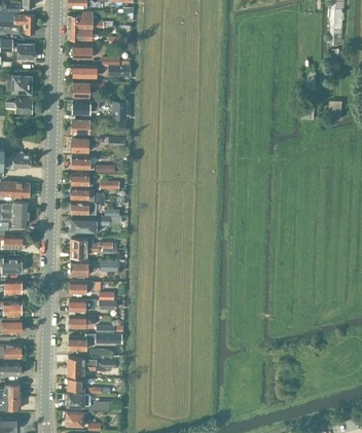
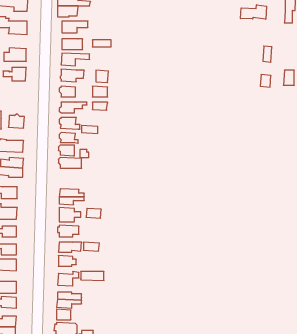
building: none -> [241,5,267,19]
building: [69,216,110,232] -> none

